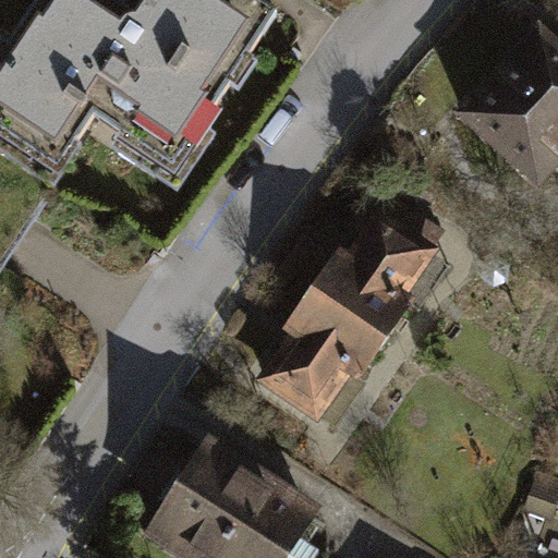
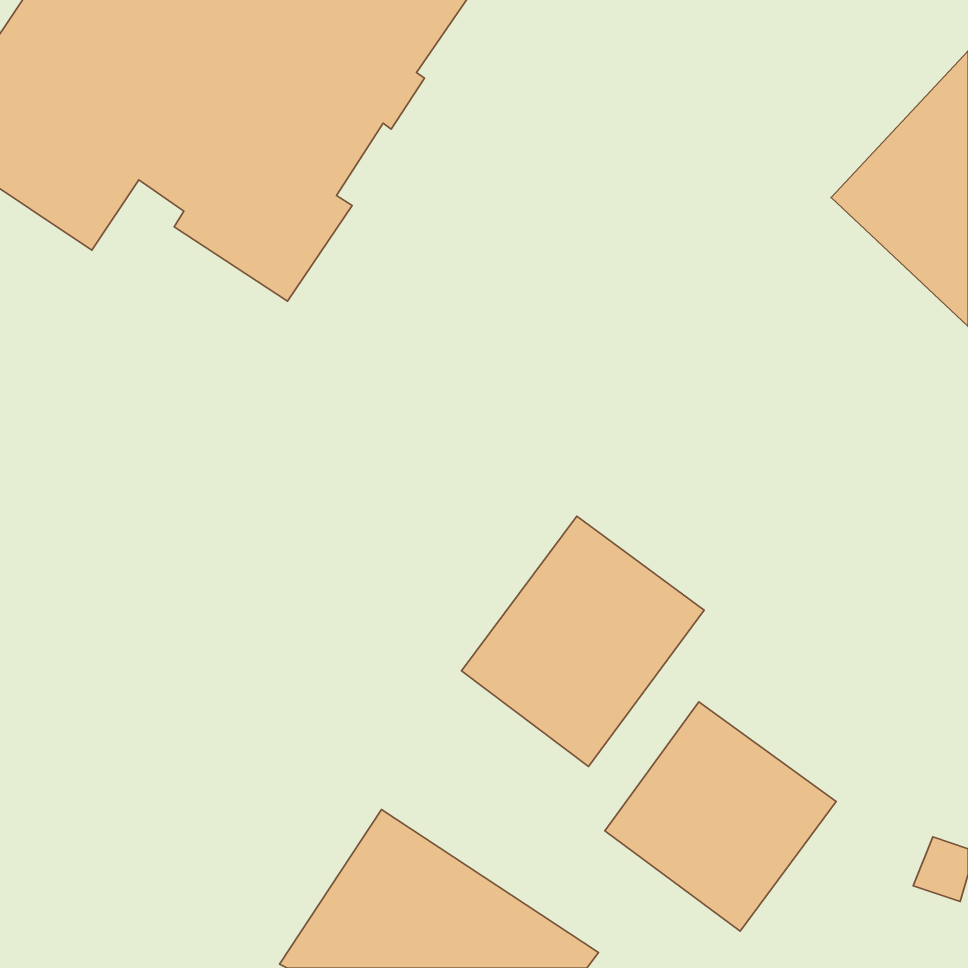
building: [322,206,439,340] -> none
building: none -> [605,702,836,931]

